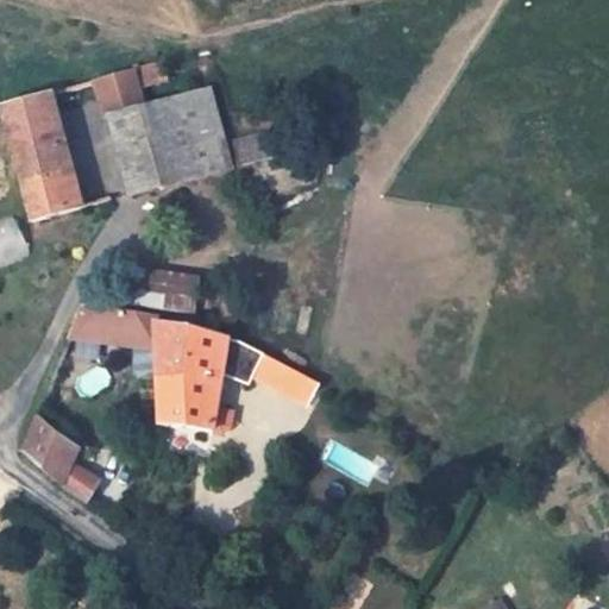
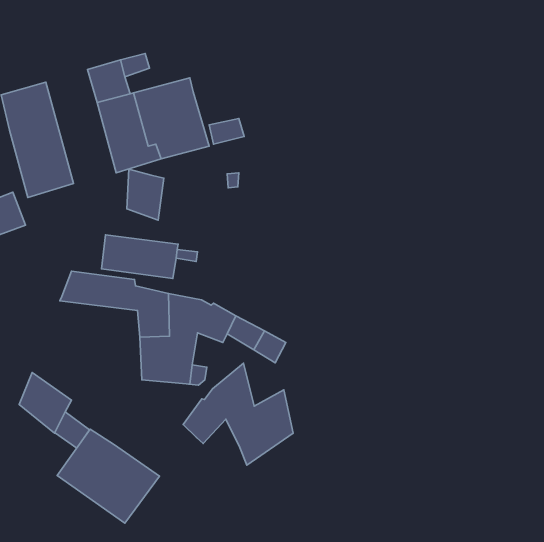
building: none -> [127,169,164,220]
building: none -> [183,363,293,465]
building: none -> [57,429,159,523]

